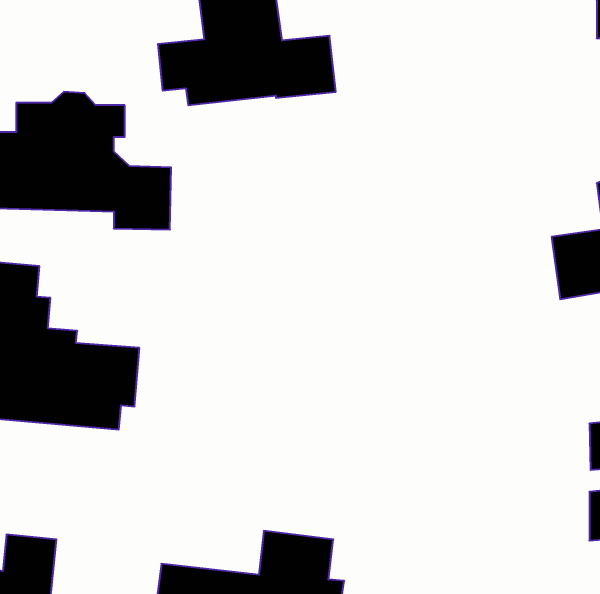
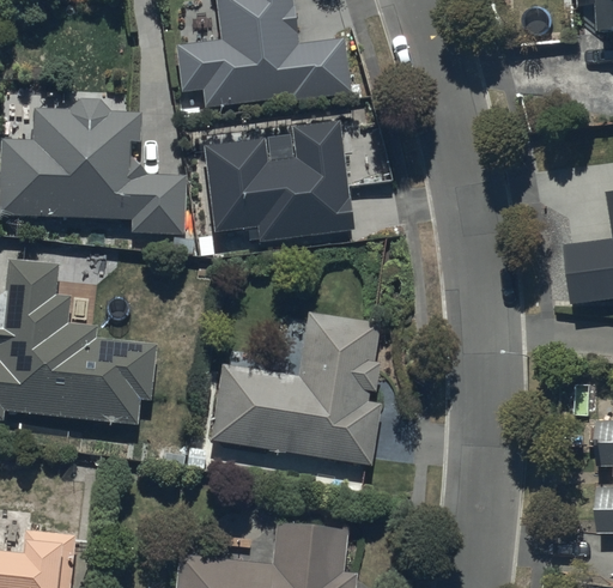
building: none -> [205,121,354,242]
building: none -> [211,313,381,466]

